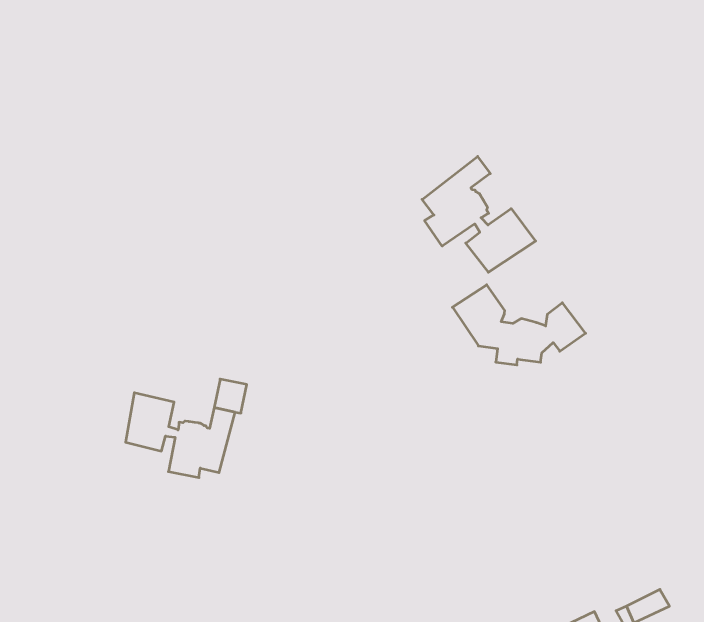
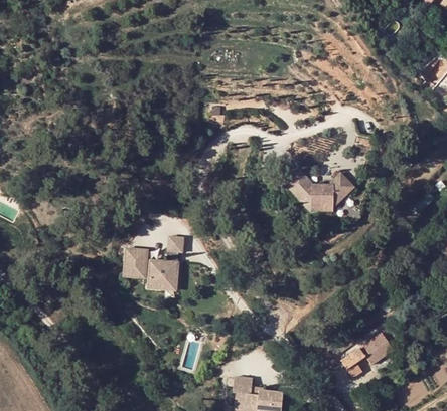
building: [422,156,536,272] -> none

